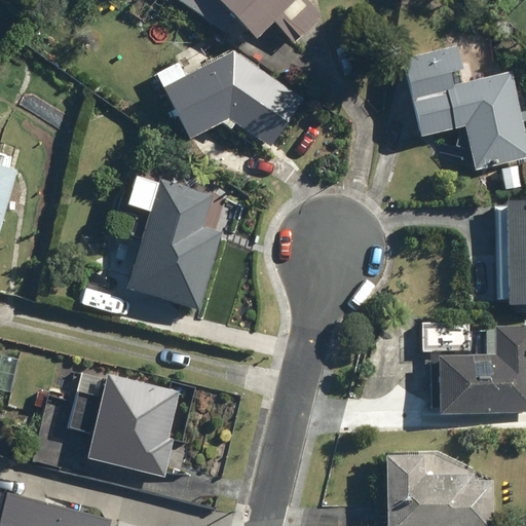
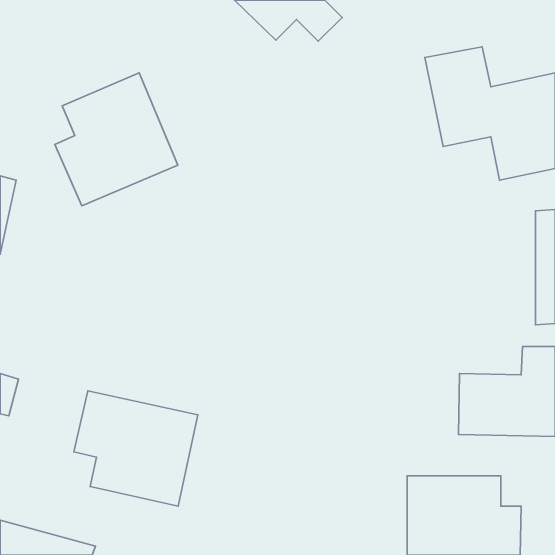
building: [160,52,310,149] -> none
building: none -> [55,73,178,206]
building: [122,177,226,313] -> none

